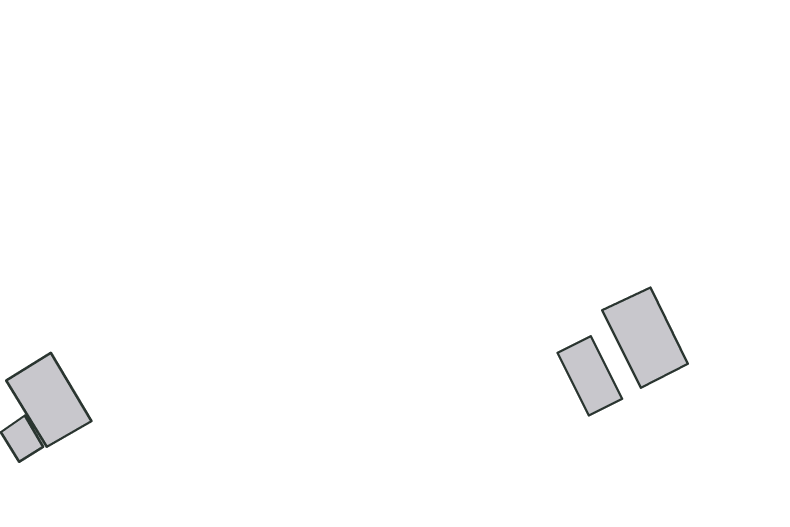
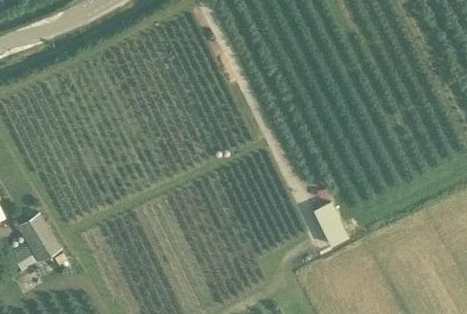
building: [602,288,688,388] -> none

